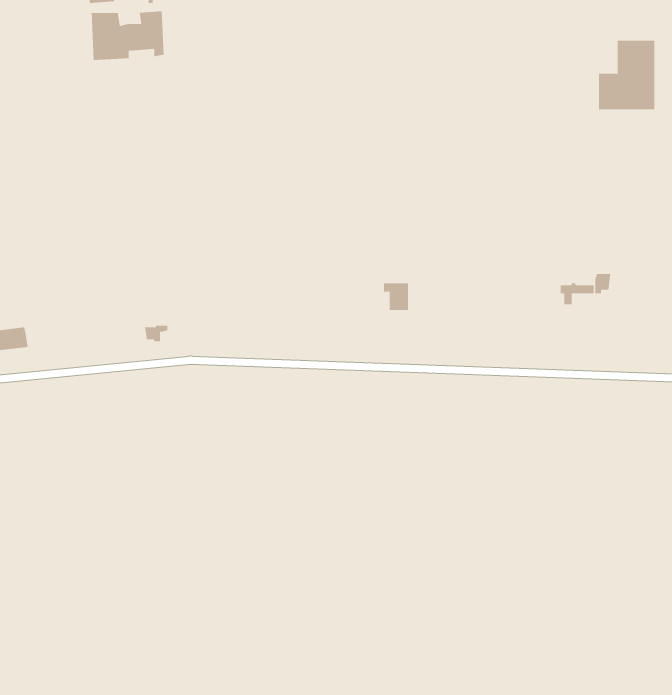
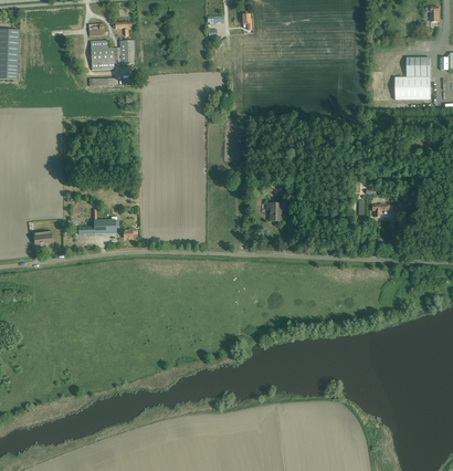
building: none -> [77,209,115,234]

